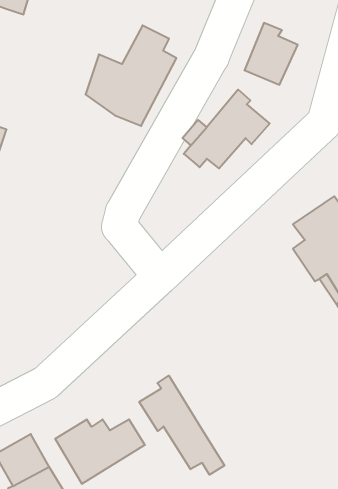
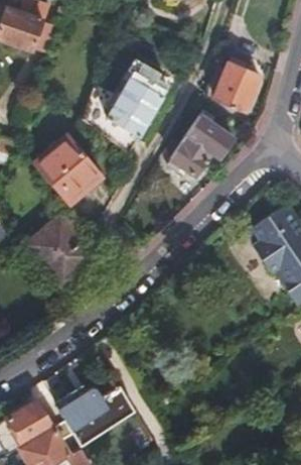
building: none -> [33,138,100,207]
building: none -> [27,217,94,285]
building: [139,376,224,475] -> none

